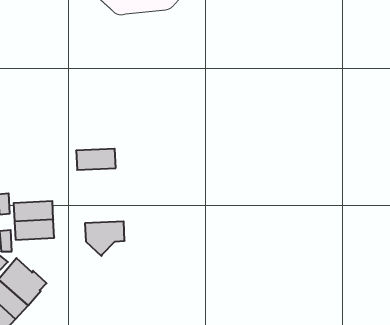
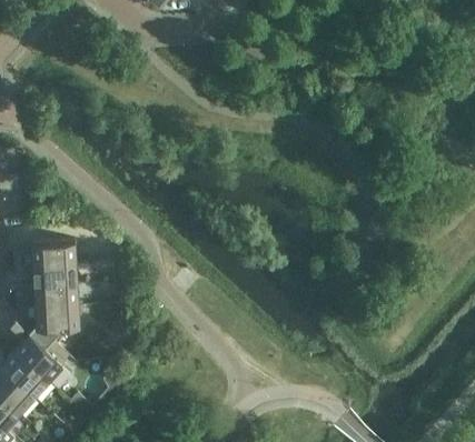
building: [76,149,116,170] -> [29,243,75,268]
building: [85,221,125,256] -> [32,308,78,348]

